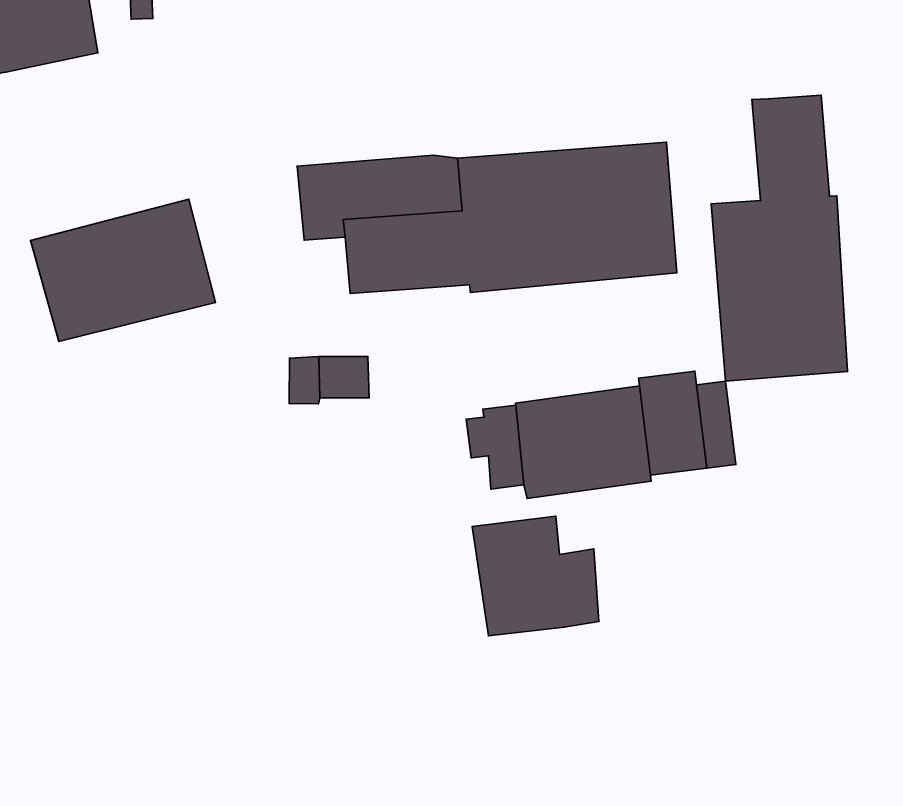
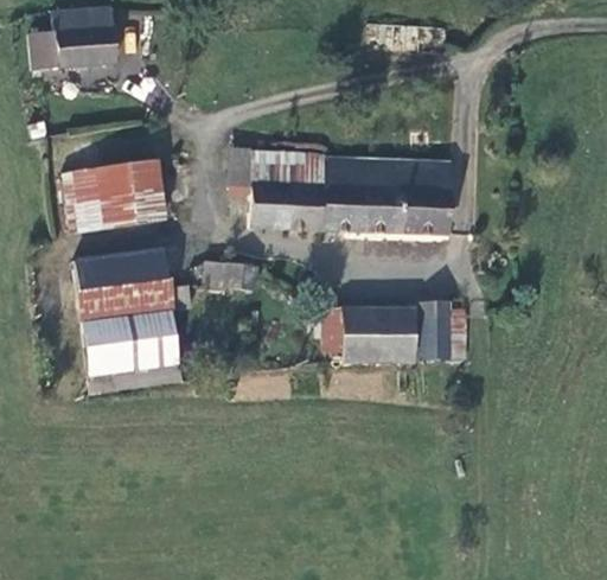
building: [711,95,847,381] -> none
building: none -> [74,244,196,393]
building: [472,516,599,636] -> none

